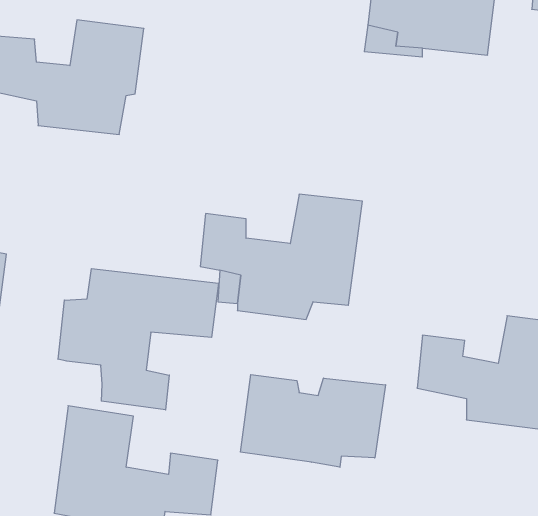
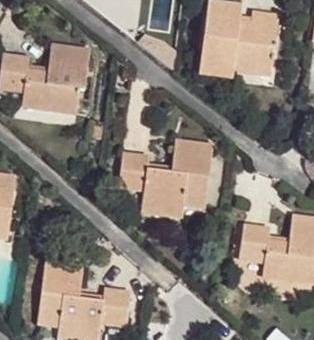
building: [58,269,219,410] -> none
building: [241,375,386,467] -> none

